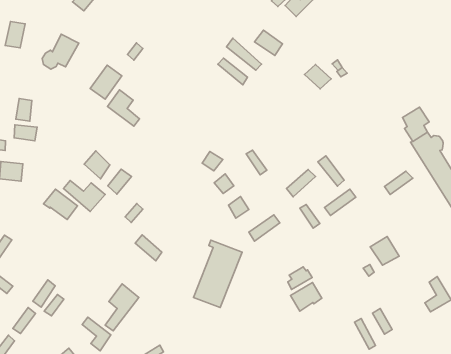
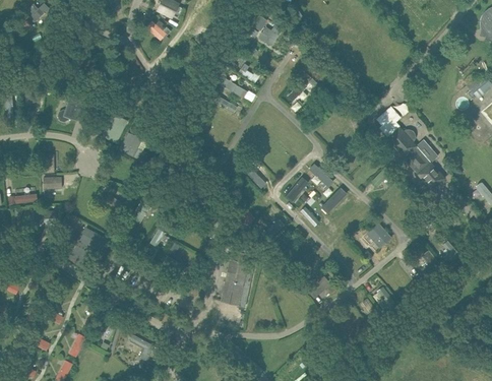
building: [64,180,105,211] -> none
building: [105,284,139,331] -> none

